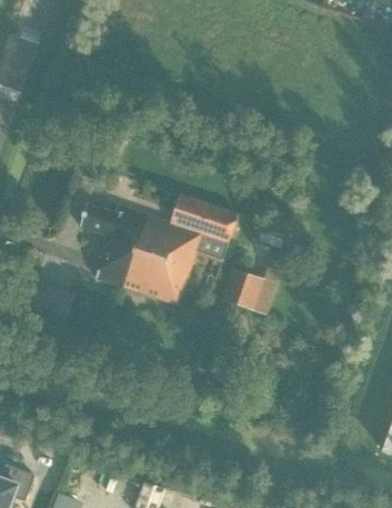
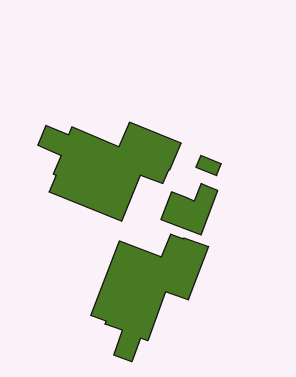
building: none -> [91,234,209,362]

